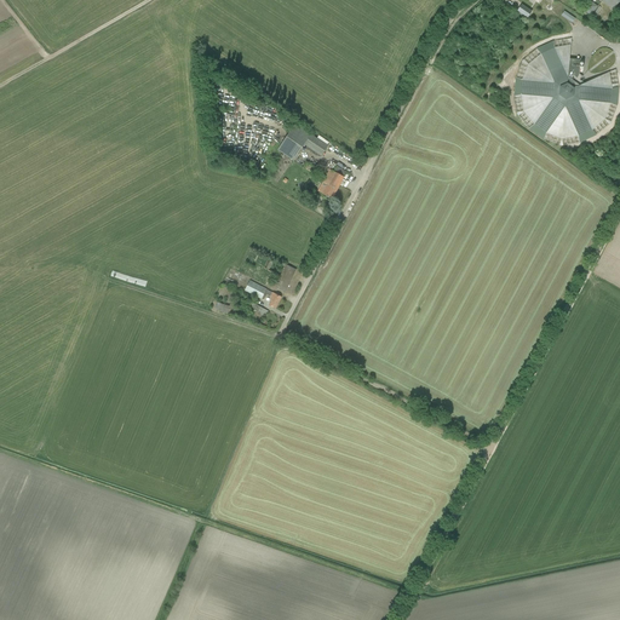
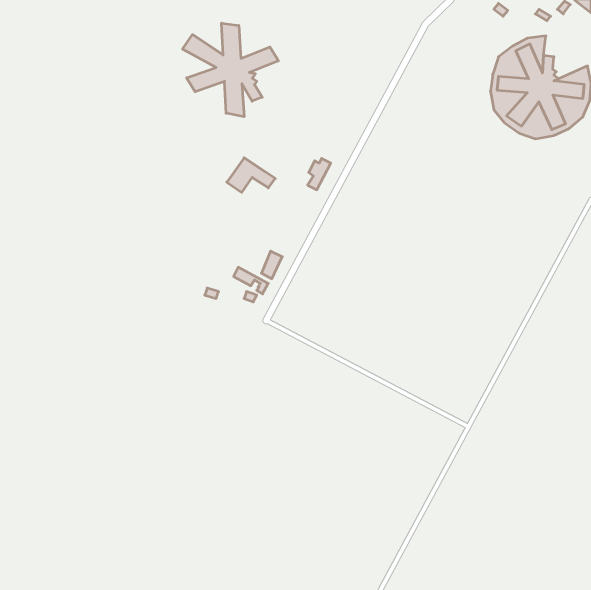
building: none -> [183,23,278,117]
building: [277,124,328,160] -> [227,158,275,192]

